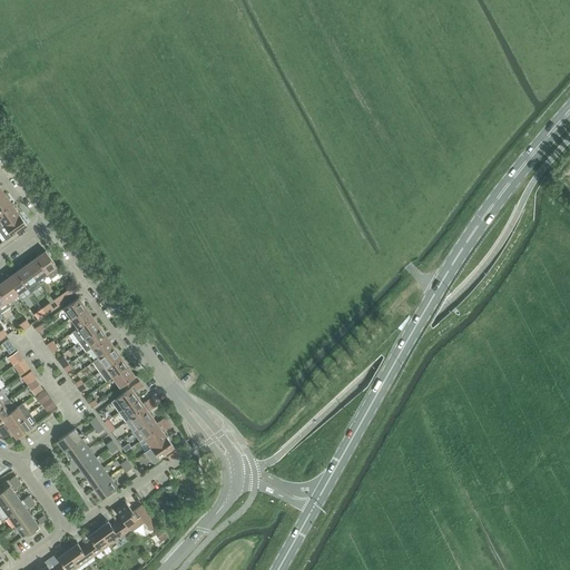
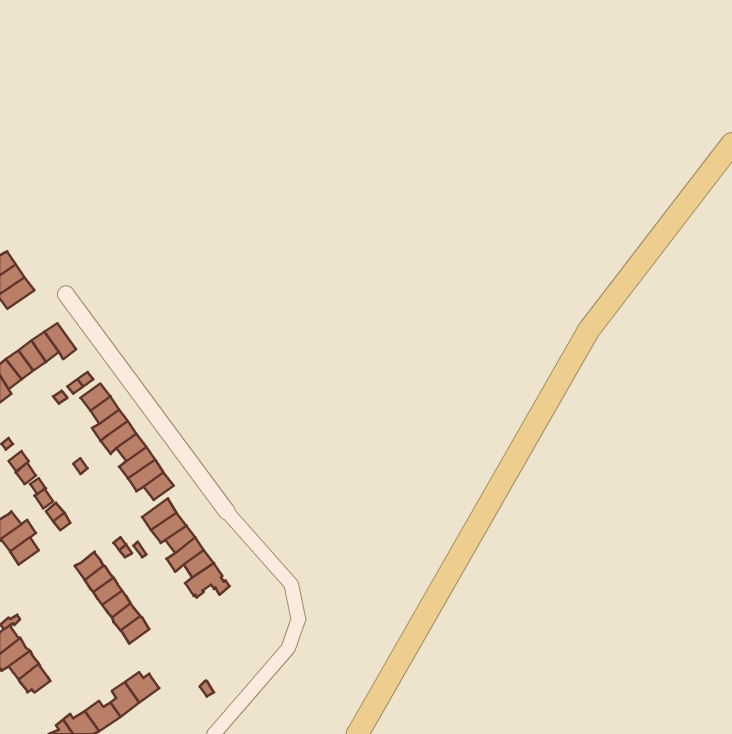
building: [115,502,155,533] -> none

